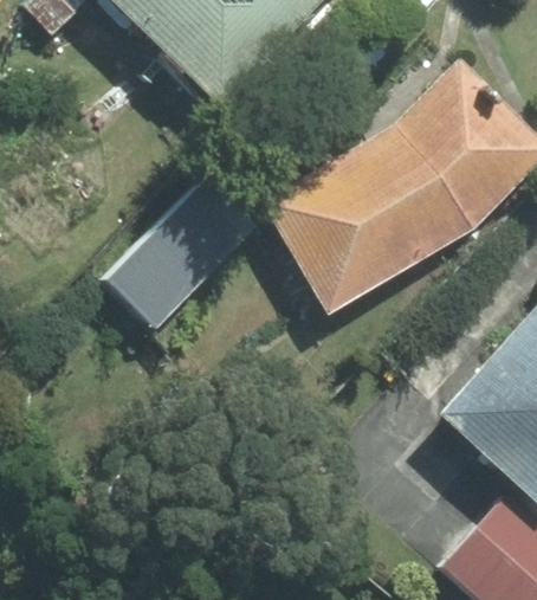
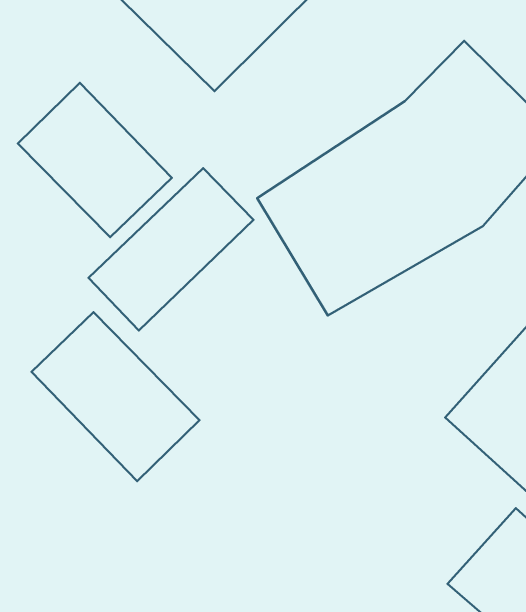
building: none -> [18,83,172,237]
building: none -> [31,312,199,481]

